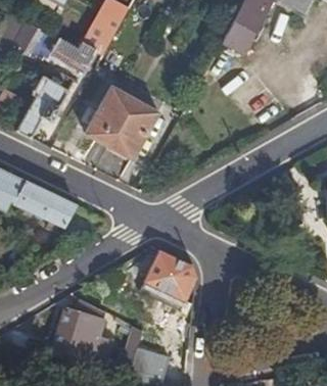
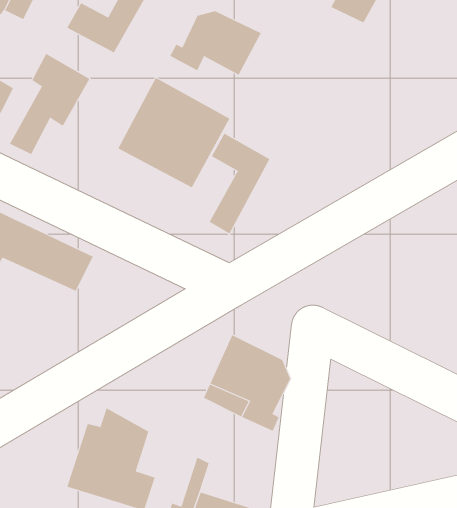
building: none -> [170,10,262,76]
building: none -> [209,133,270,235]

